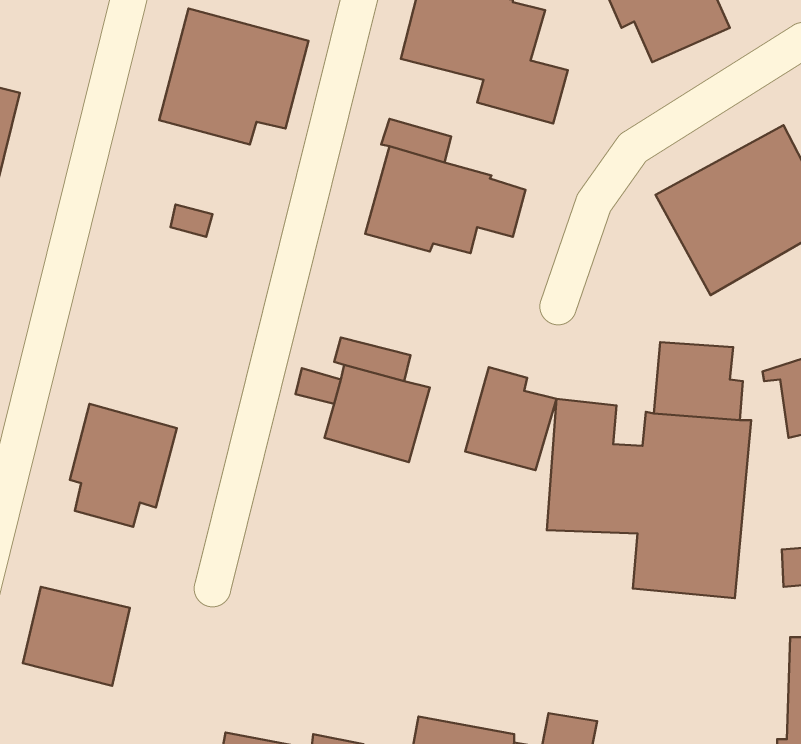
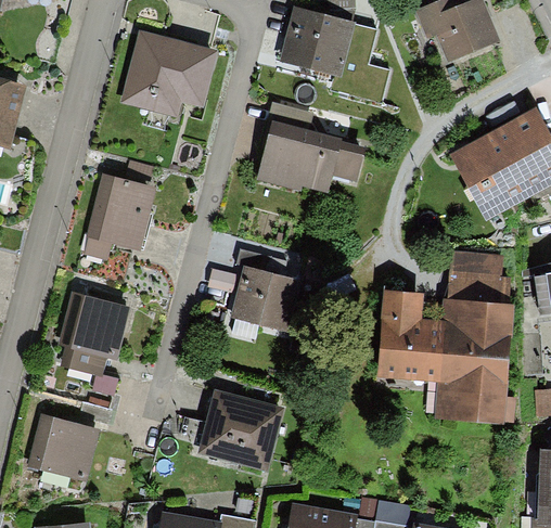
building: none -> [84,172,157,260]
building: [465,367,556,470] -> none
building: none -> [197,390,285,473]

